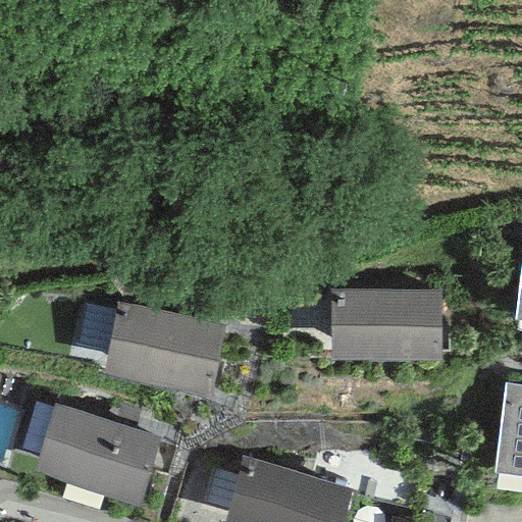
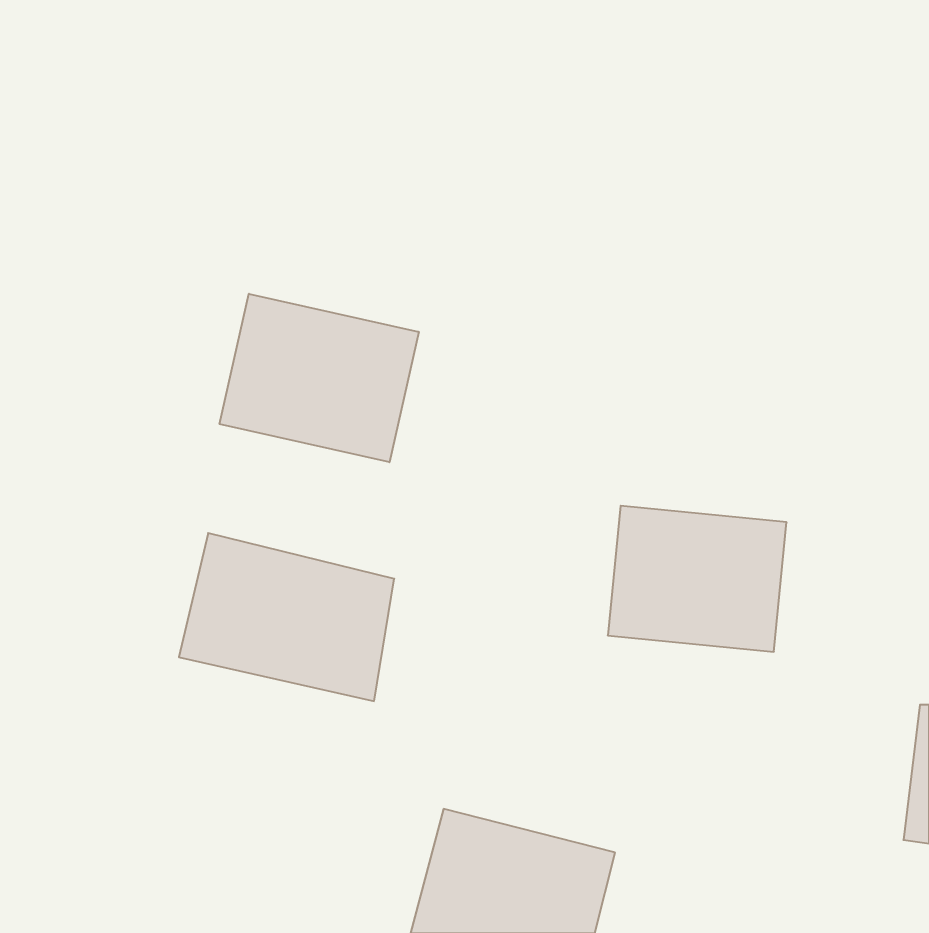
building: none -> [220,294,419,462]
building: [18,399,163,512] -> none

